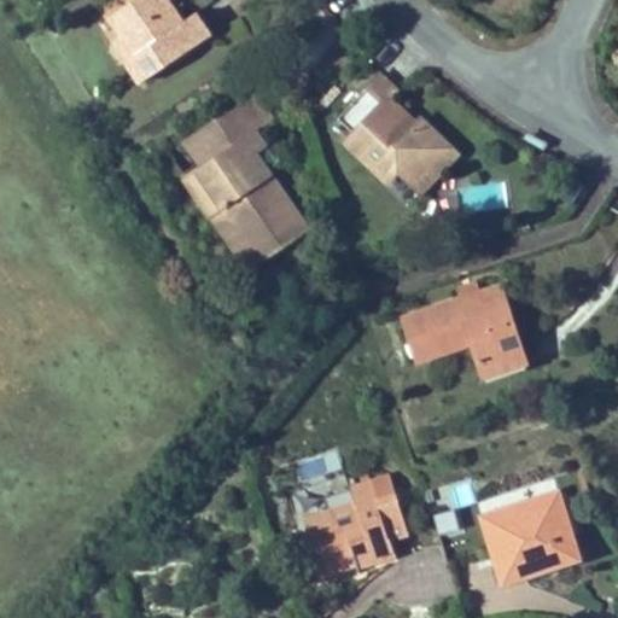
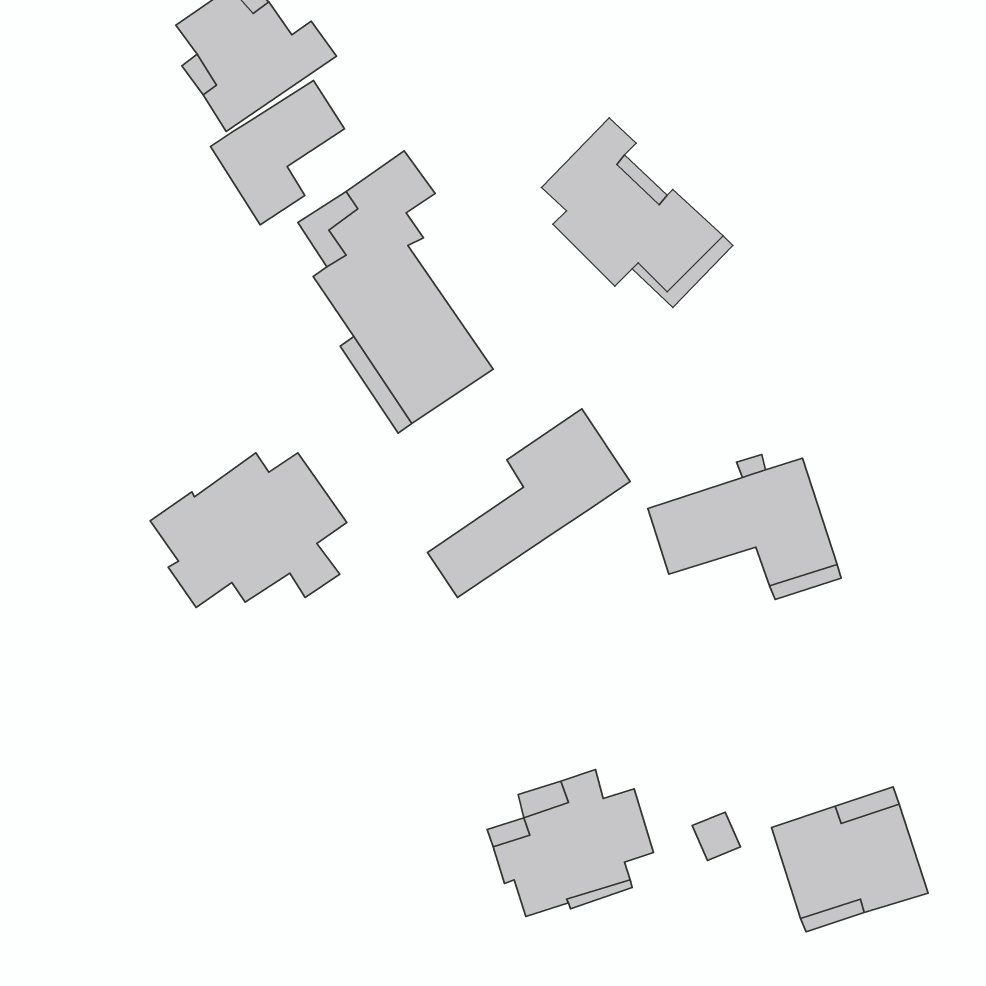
building: none -> [210,81,345,225]
building: none -> [427,409,630,597]
building: none -> [150,453,347,608]

